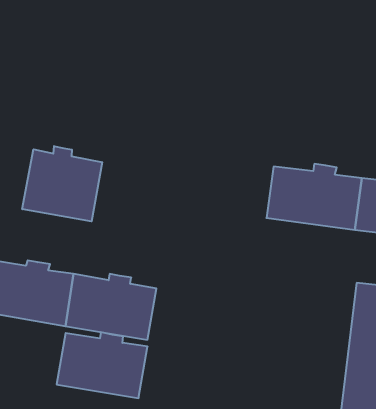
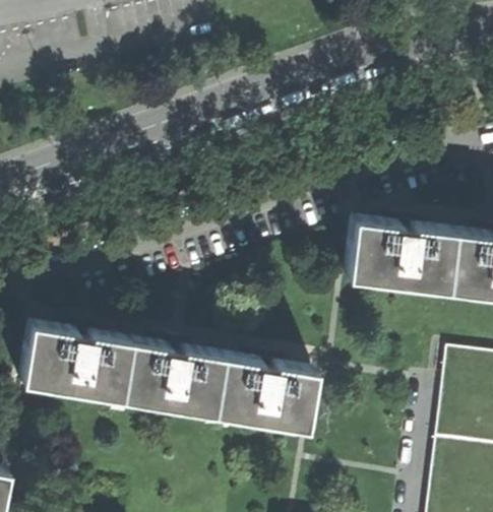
building: [22,146,102,221] -> none
building: [57,332,148,398] -> [211,361,314,435]

